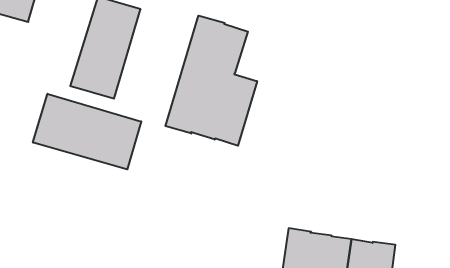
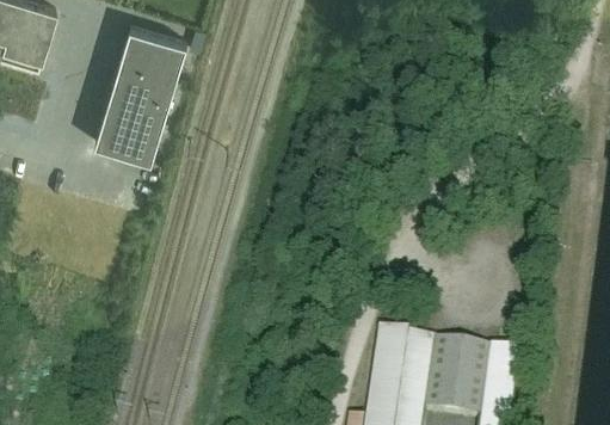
building: [165,16,257,146] -> none
building: [33,94,141,169] -> none

